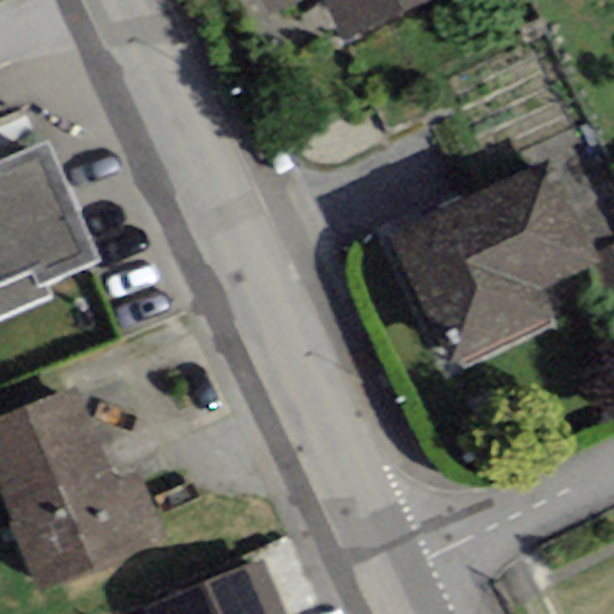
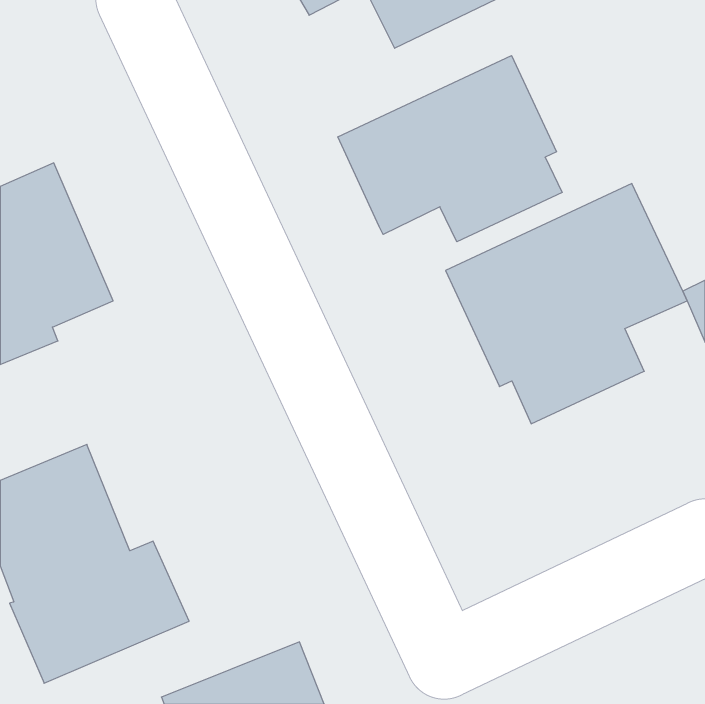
building: none -> [338,56,562,242]

